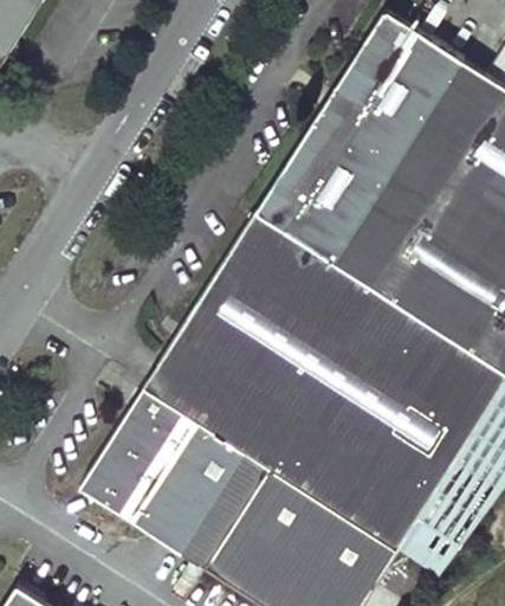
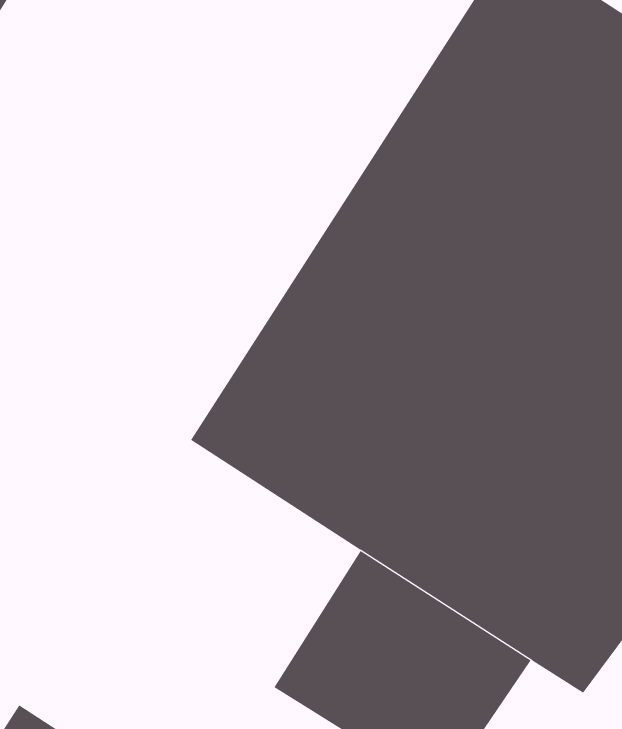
building: [78,386,272,572] -> none

